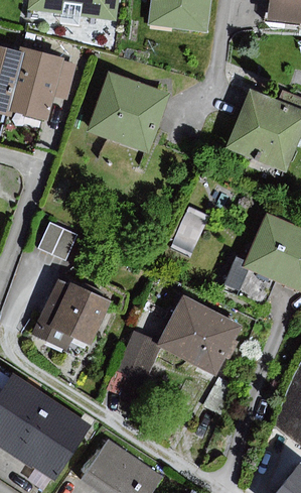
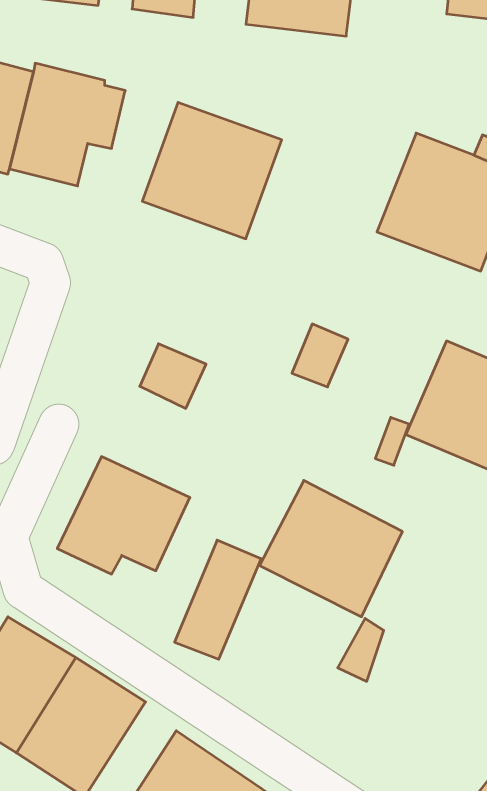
building: [37,222,77,260] -> [140,344,206,408]

